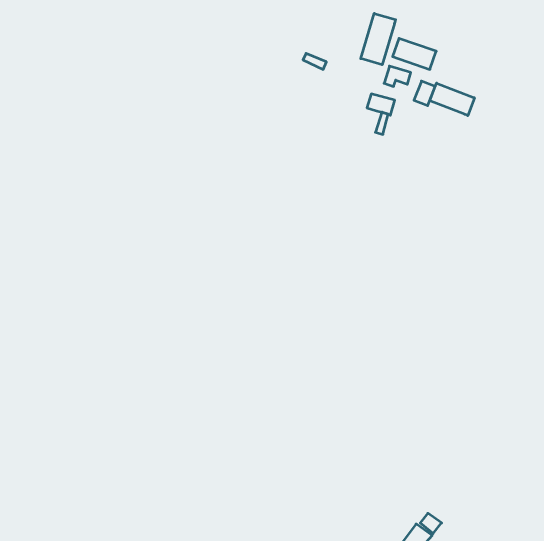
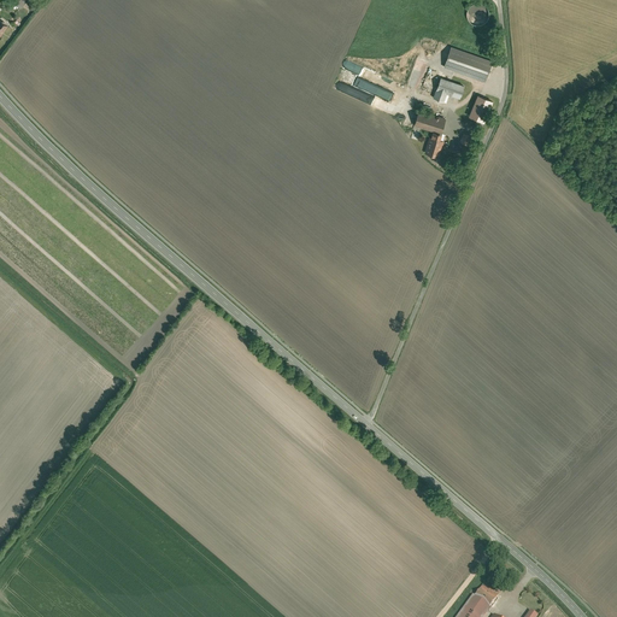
building: [361,13,396,65] -> none
building: [430,83,474,116] -> none

